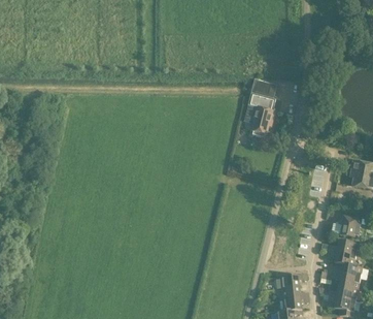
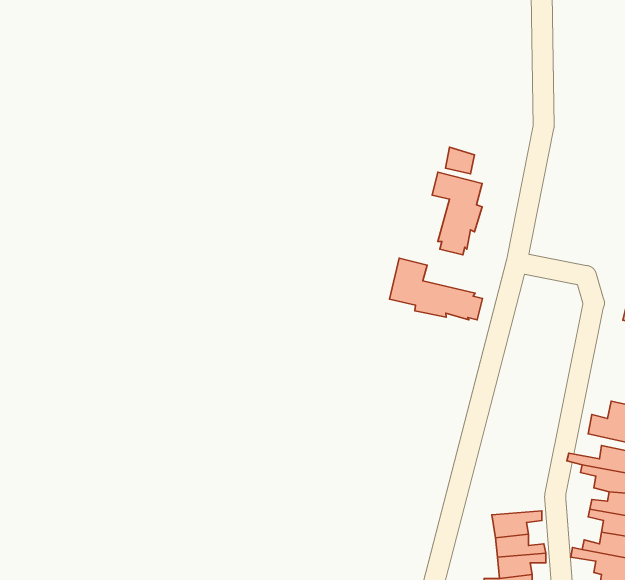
building: none -> [389,258,482,320]

